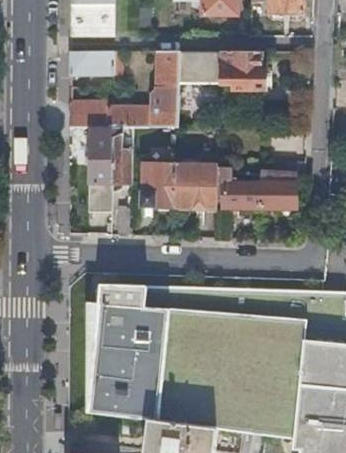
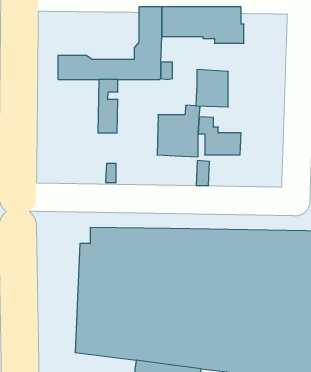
building: [70,52,123,77] -> none
building: [89,128,113,213] -> none
building: [141,164,175,208] -> none
building: [261,169,295,208] -> [196,70,228,107]

